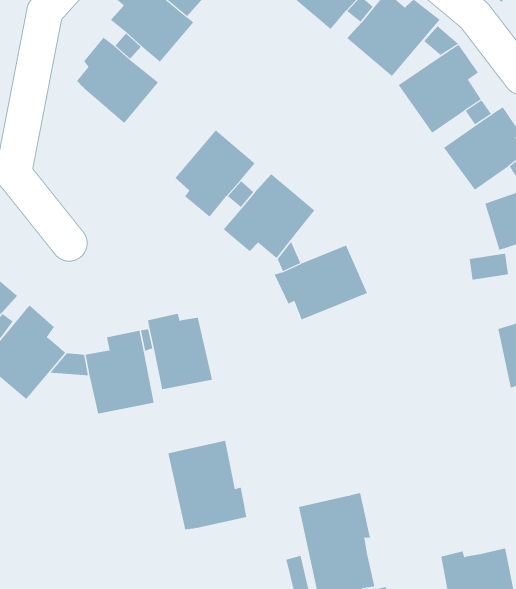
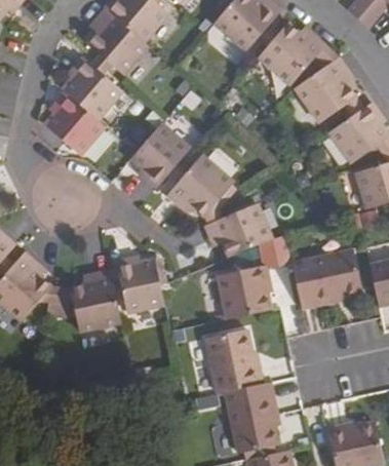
building: none -> [47,92,107,154]
building: none -> [289,250,359,309]
building: none -> [215,266,269,321]
building: [167,440,247,530] -> [202,331,260,395]

